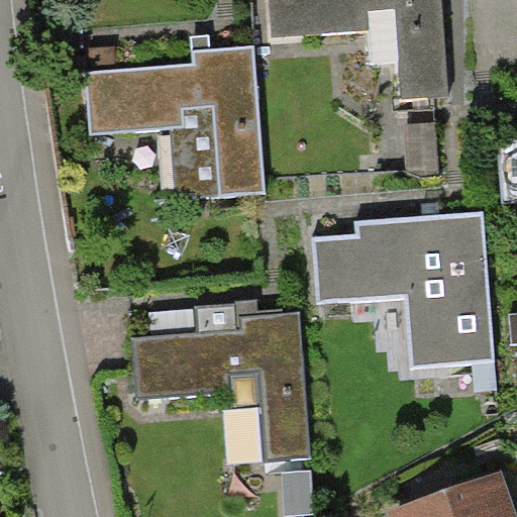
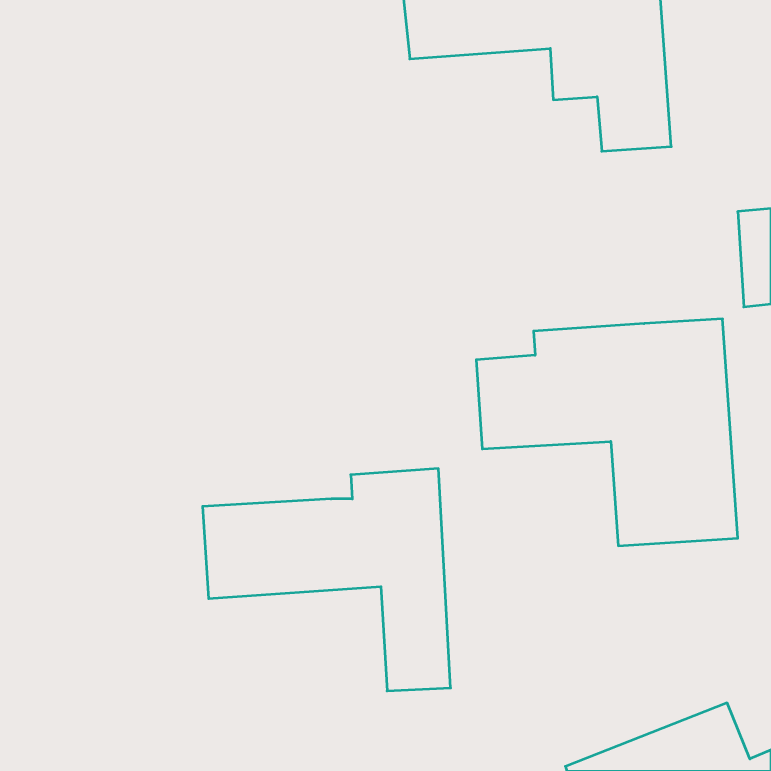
building: [87,49,264,197] -> none

